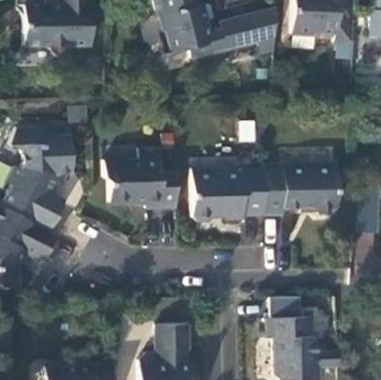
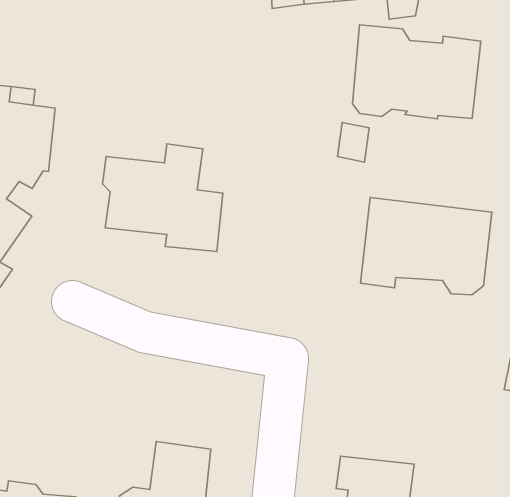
building: [190,166,264,220] -> [352,25,481,119]

